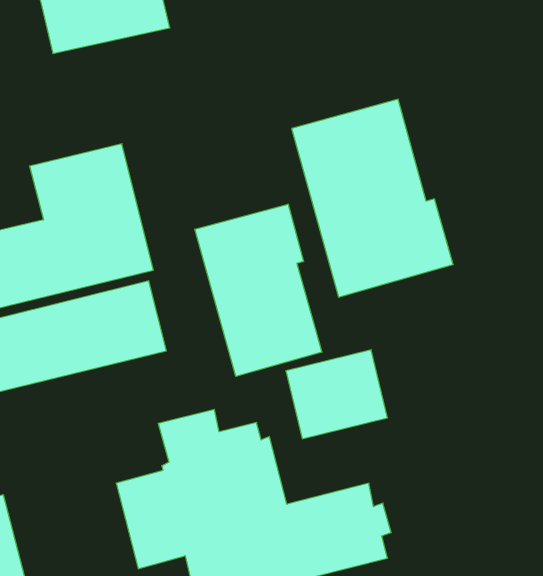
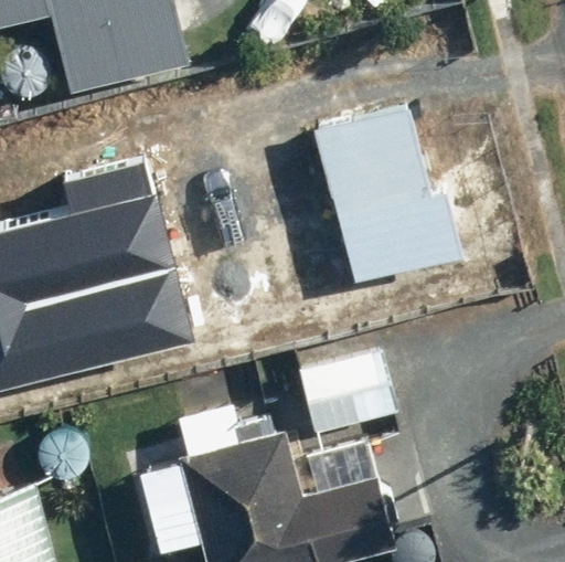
building: [195,204,322,376] -> none

